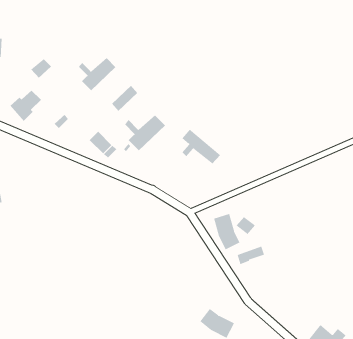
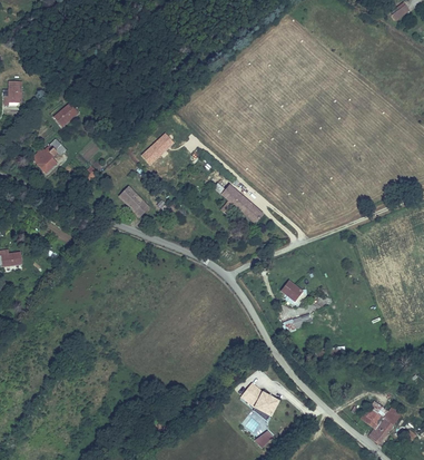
building: [78,57,116,91] -> none
building: [124,114,166,151] -> none
building: [213,213,240,250] -> none

